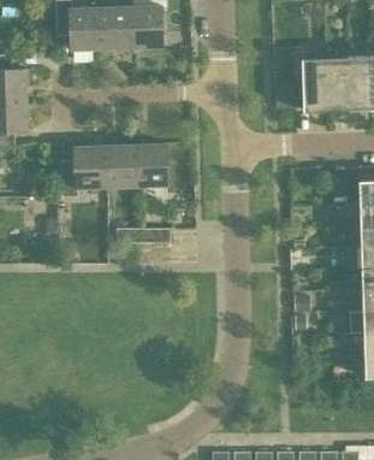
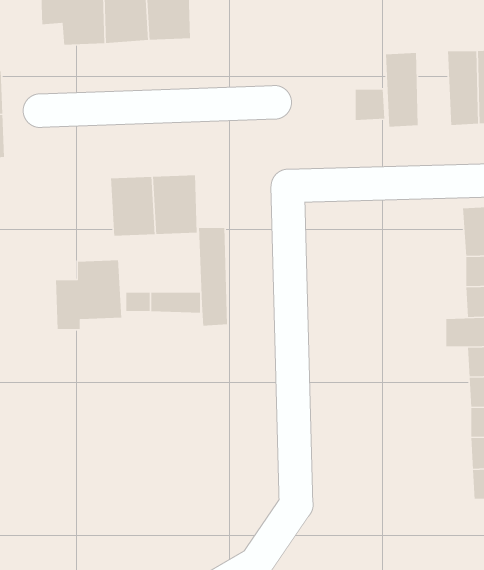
building: [323,55,348,110] -> none
building: [58,147,106,197] -> [55,259,122,330]
building: none -> [198,227,228,327]

